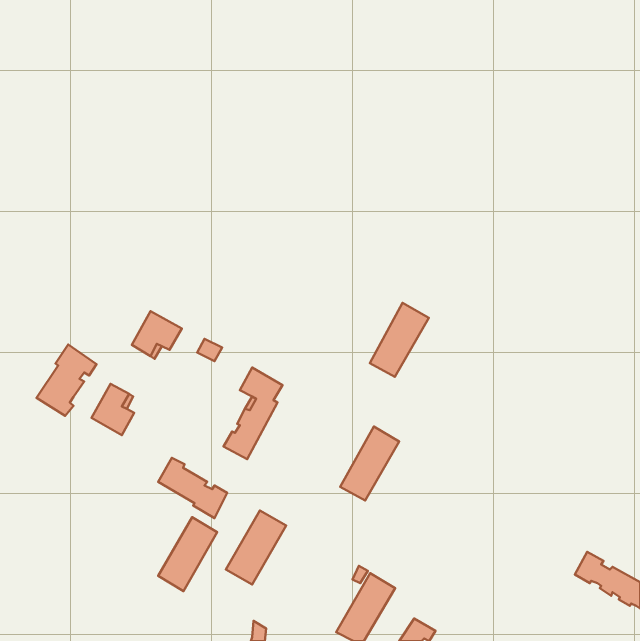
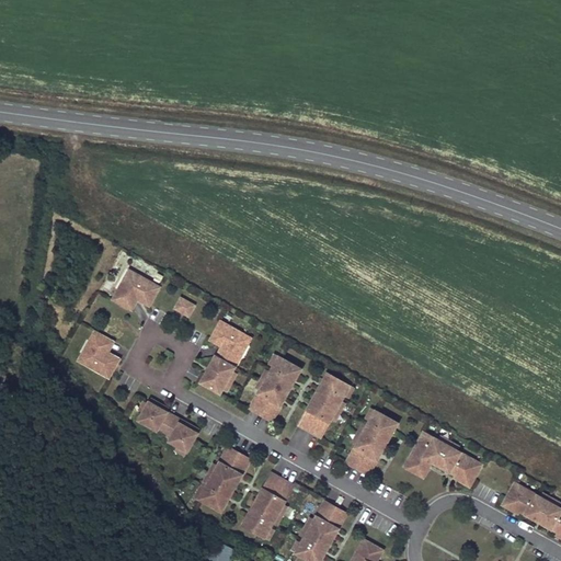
building: [370,303,429,377] -> [249,356,300,421]
building: [36,344,97,416] -> none
building: none -> [345,411,397,476]
building: none -> [404,432,481,484]
building: [158,517,217,591] -> [241,472,293,537]

